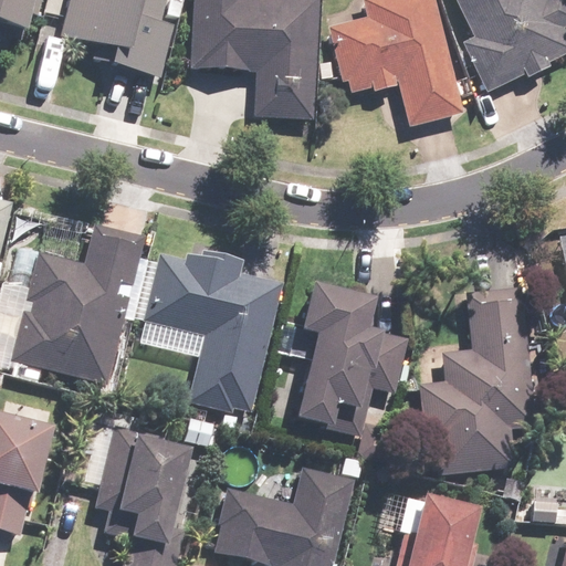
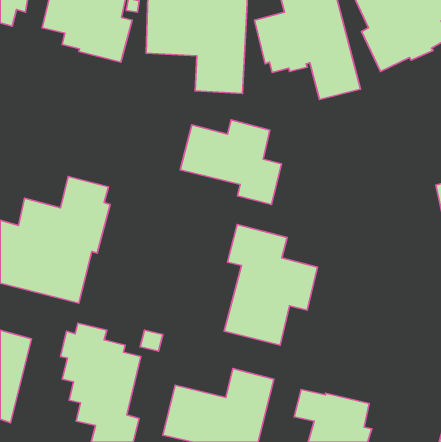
building: none -> [180,120,281,204]
building: [144,250,282,412] -> none
building: [419,285,538,474] -> none

